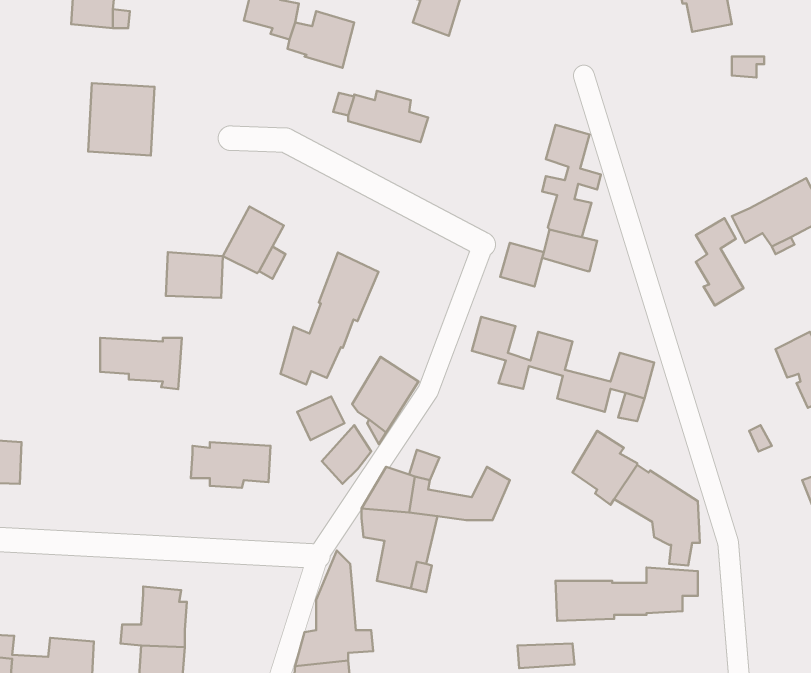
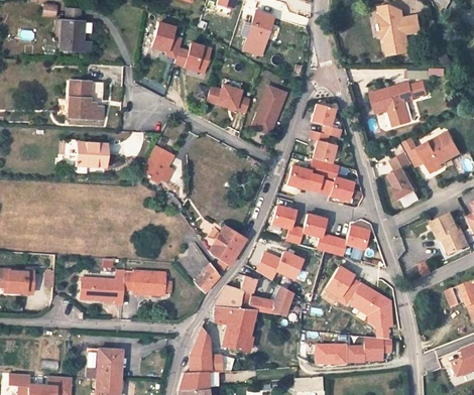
building: none -> [372,82,416,126]
building: none -> [252,86,285,133]
building: [166,252,223,298] -> [77,142,107,166]
building: [281,252,378,385] -> none
building: none -> [330,176,354,201]
building: [100,338,182,389] -> [81,277,124,304]
building: none -> [258,253,305,284]

